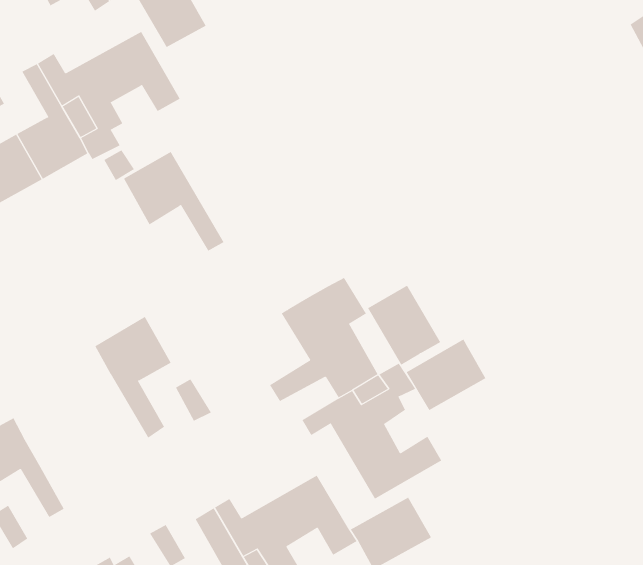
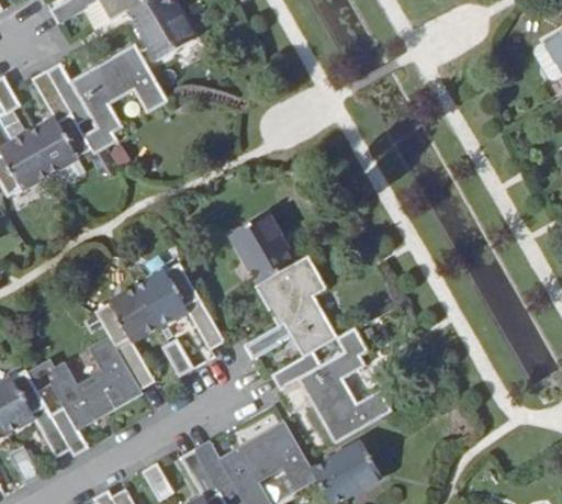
building: [123,151,225,251] -> [138,264,224,348]
building: [367,285,441,365] -> [229,213,292,281]
building: [406,338,486,411] -> none
building: none -> [26,336,142,455]

